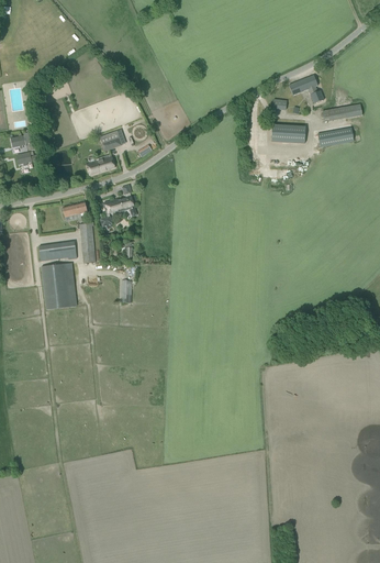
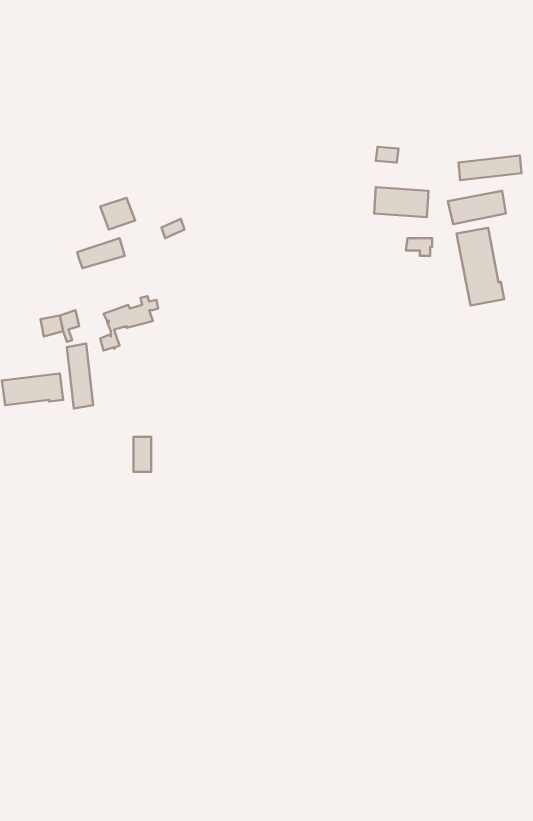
building: [289,75,324,103] -> none
building: none -> [457,228,504,305]
building: [42,264,70,309] -> none

